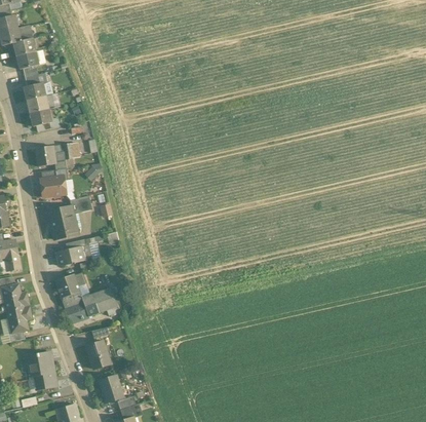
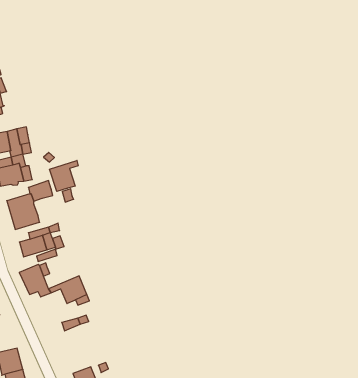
building: none -> [50,160,78,191]
building: [63,299,98,323] -> none
building: [86,341,110,369] -> none

